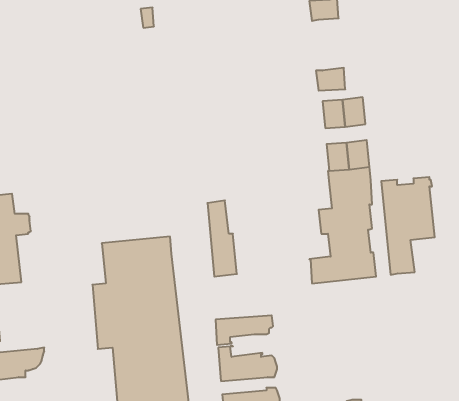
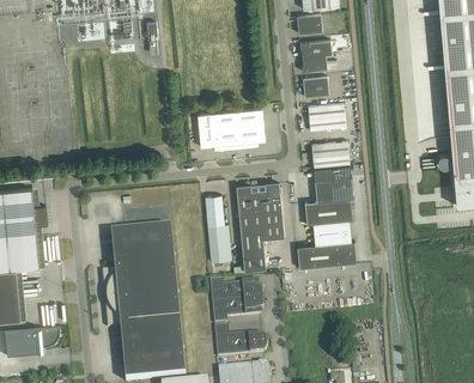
building: none -> [299,38,332,69]
building: none -> [196,107,265,150]
building: [381,177,435,275] -> [236,182,284,269]
building: none -> [209,276,262,299]

